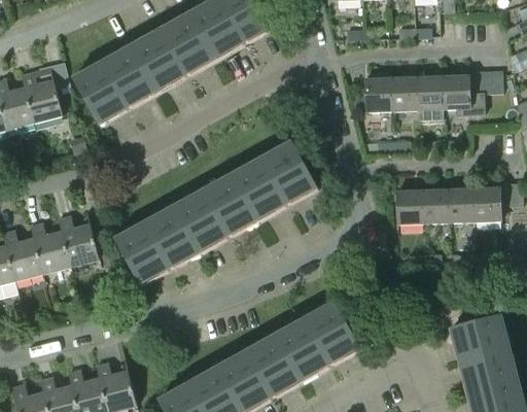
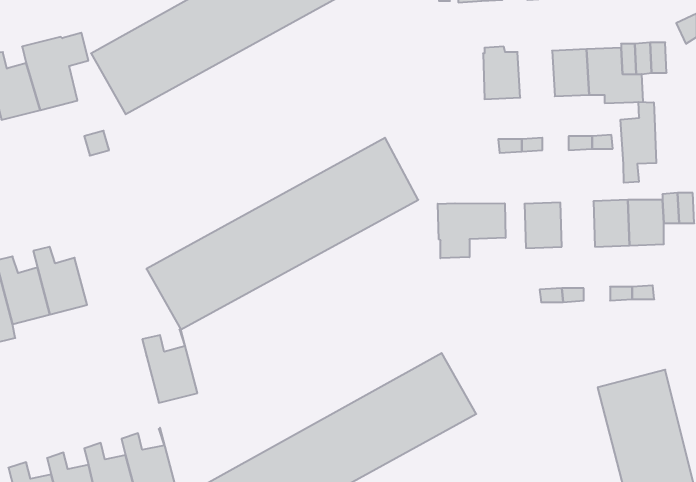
building: [390,76,418,111] -> none
building: none -> [621,102,656,183]
building: [422,188,448,222] -> none
building: none -> [438,203,505,258]
building: [57,211,98,266] -> [142,330,197,403]

